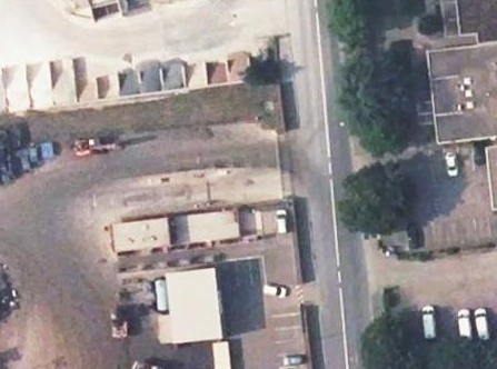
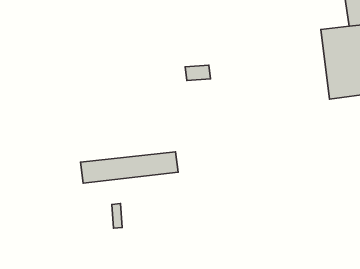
building: [167,268,223,343] -> none

